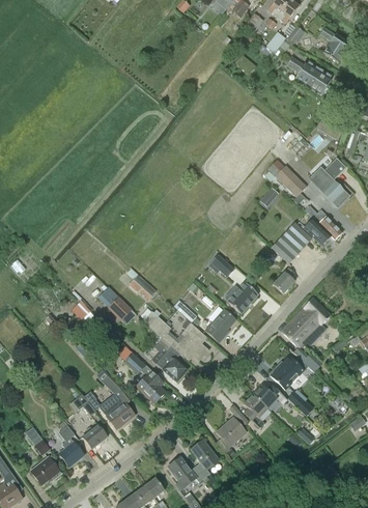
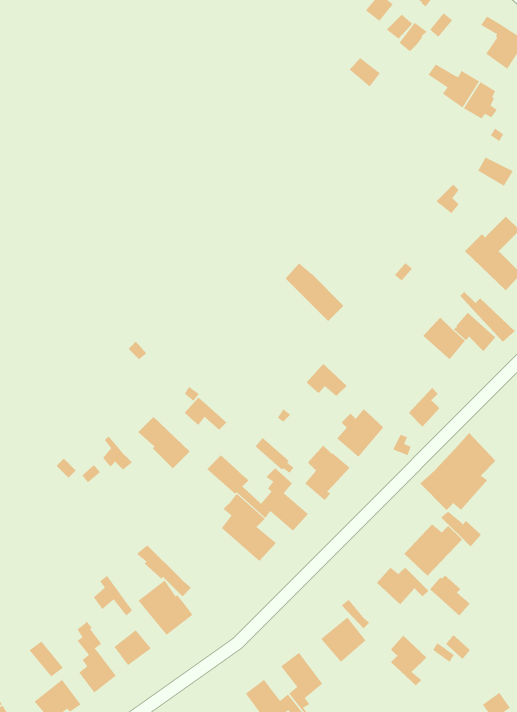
building: [267,158,306,196] -> [285,262,344,322]
building: [271,234,300,262] -> none
building: [123,352,165,403] -> none
building: [244,394,267,427] -> [390,635,427,686]

